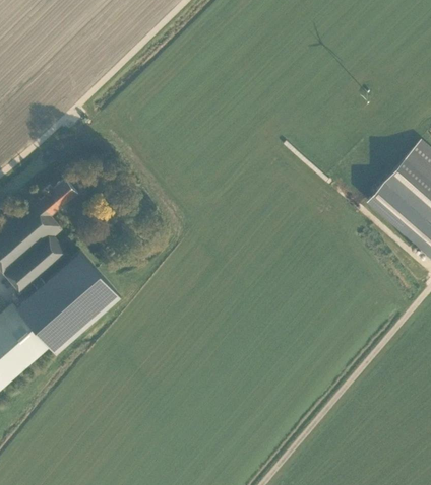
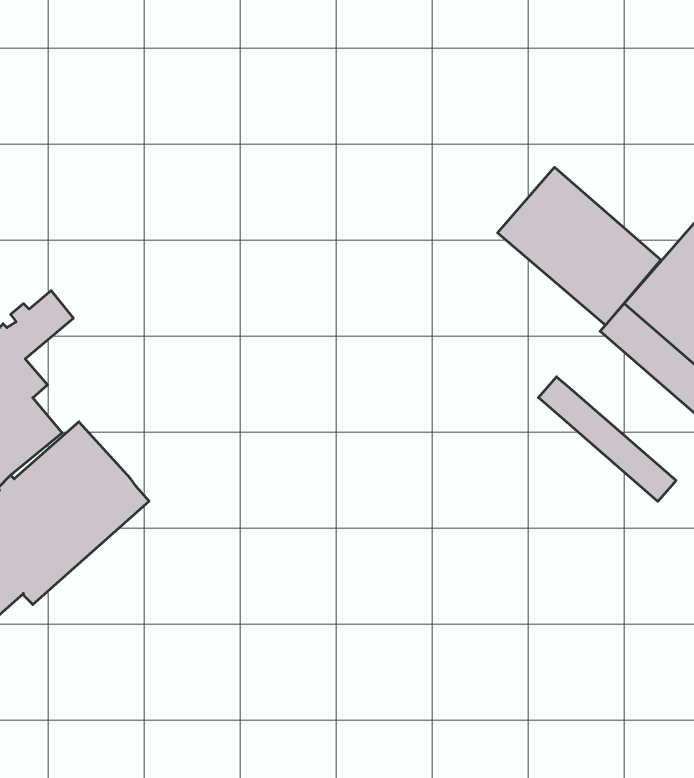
building: none -> [498,167,661,325]
building: none -> [538,377,676,501]

